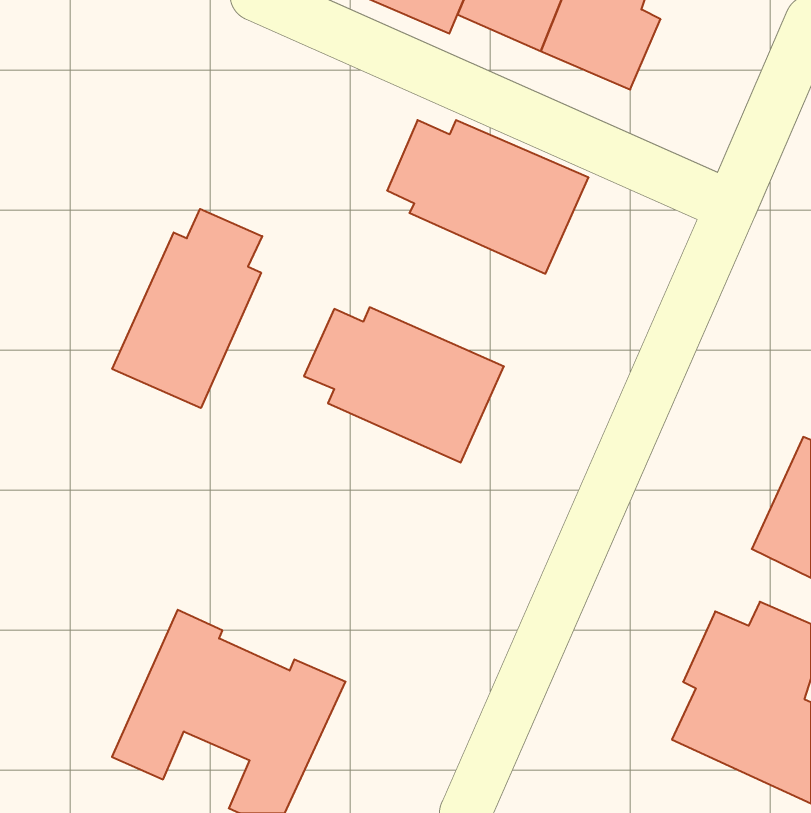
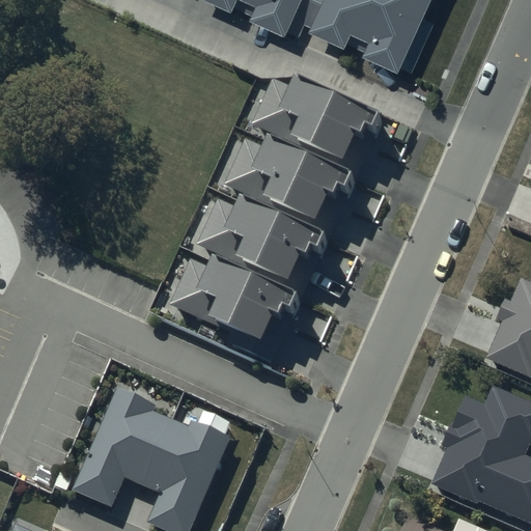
building: [112,209,262,408] -> none
building: none -> [223,137,354,237]
building: none -> [173,261,299,362]

